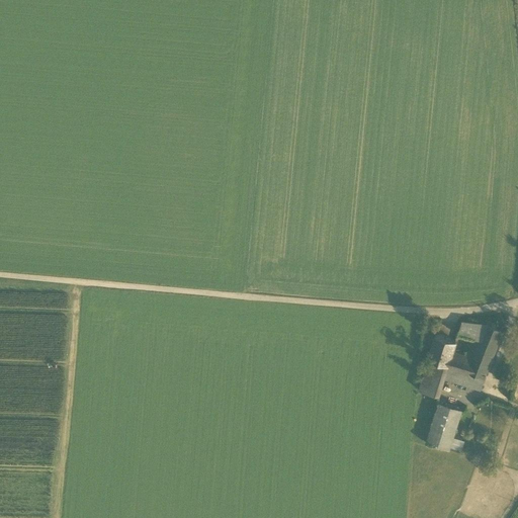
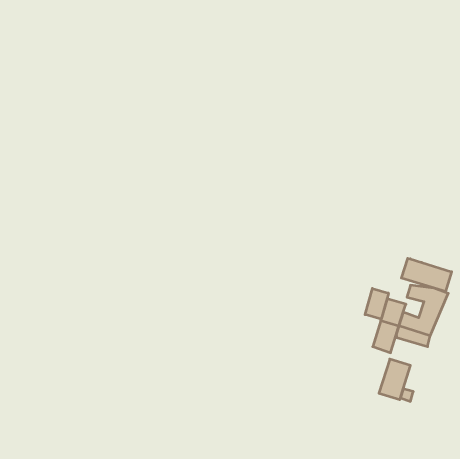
building: none -> [401,258,452,292]
building: none -> [365,288,388,319]

